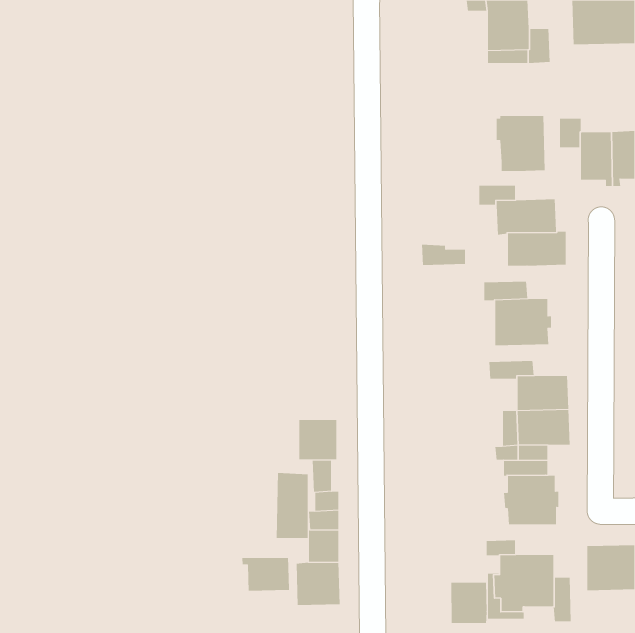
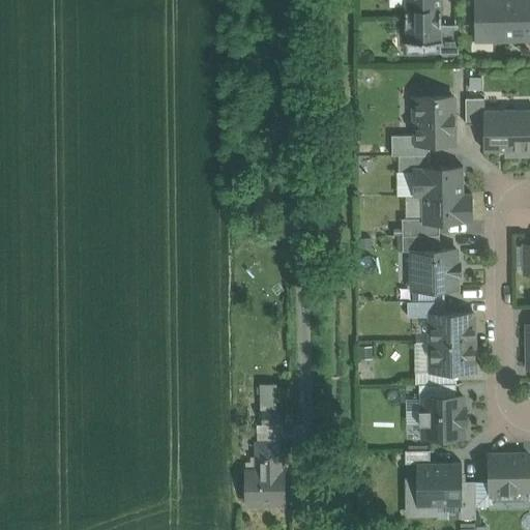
building: none -> [391,137,430,156]
building: [421,244,466,265] -> [402,219,439,237]
building: [299,419,337,460] -> none
building: [276,472,308,539] -> none
building: [242,557,290,592] -> none
building: [451,582,487,624] -> none

